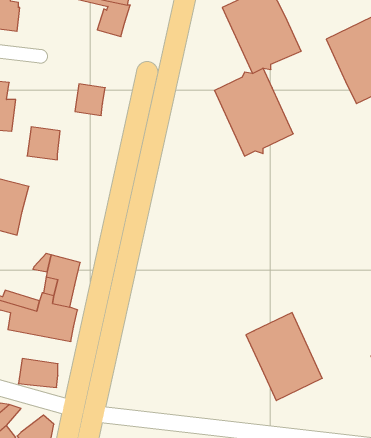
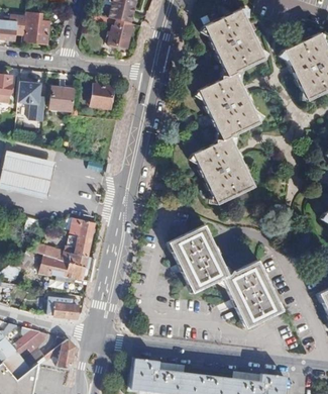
building: [27,127,60,160] -> [49,86,75,111]
building: none -> [193,135,252,203]
building: none -> [169,224,228,291]

